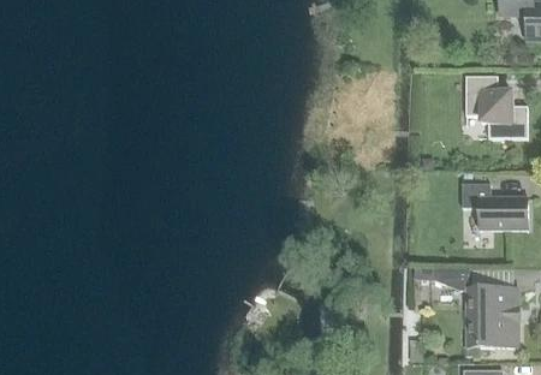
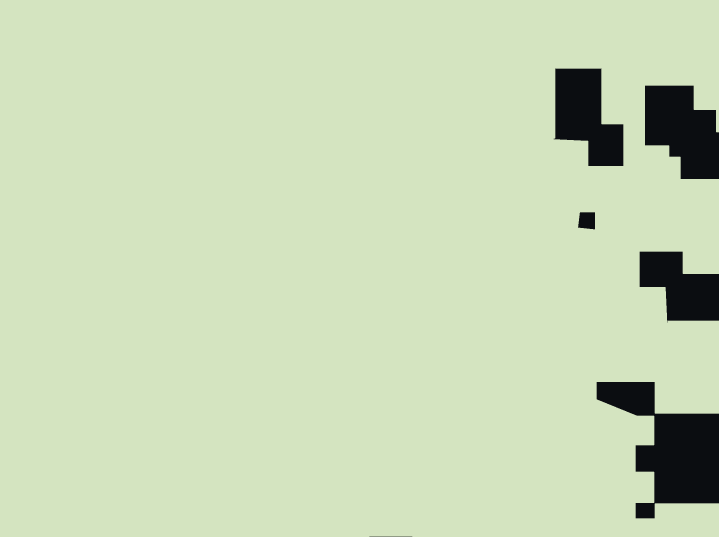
building: none -> [553,68,624,167]

